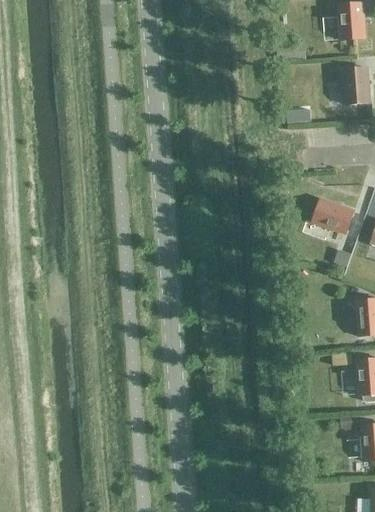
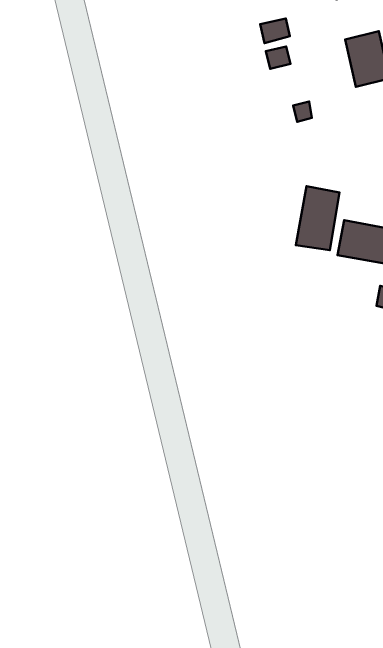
building: none -> [296,186,340,250]

